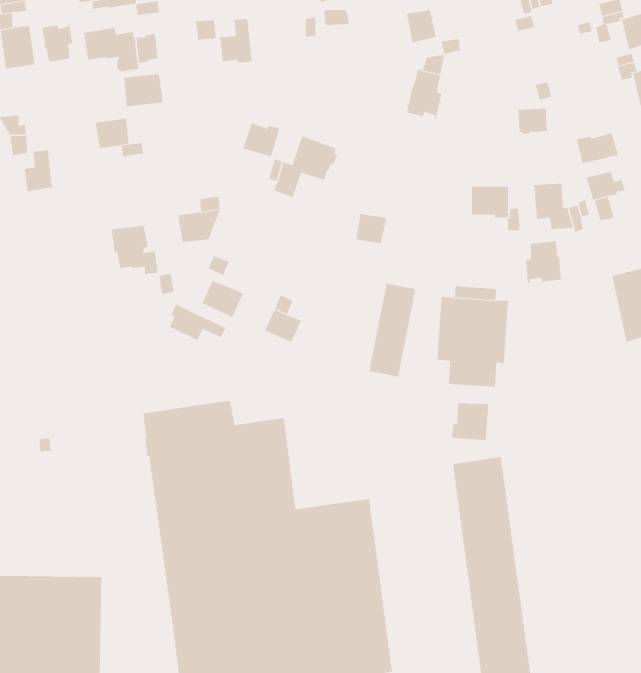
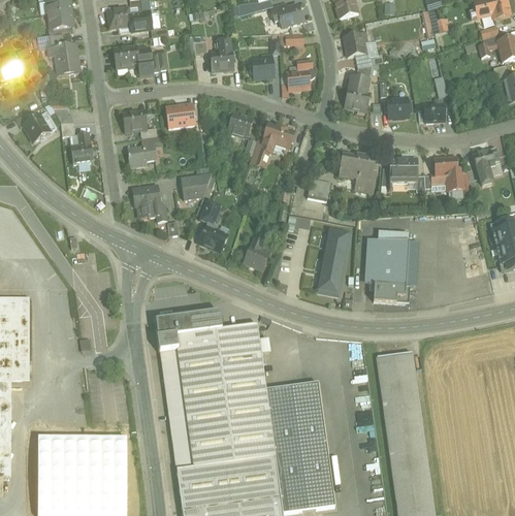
building: [42,23,73,63] -> none
building: none -> [252,57,275,78]
building: none -> [287,57,317,89]
building: [123,73,164,107] -> [166,103,195,127]
building: none -> [387,96,409,118]
building: [576,132,618,164] -> none
building: none -> [128,141,156,166]
building: none -> [340,151,376,193]
building: [525,240,561,284] -> none
building: [169,304,226,341] -> none
building: [452,402,489,441] -> none

